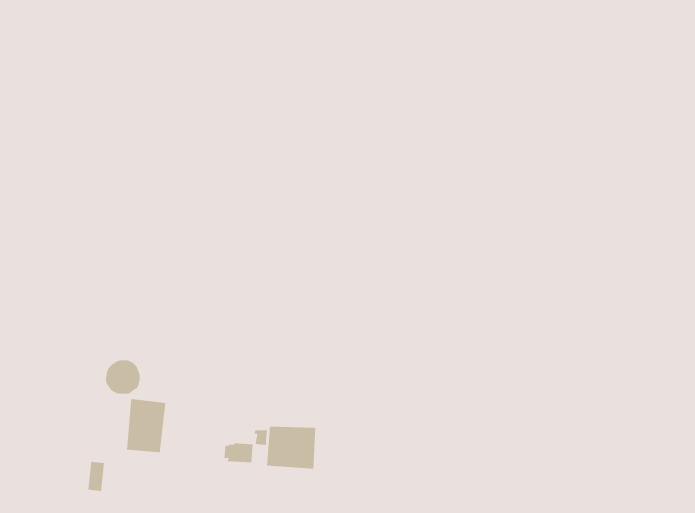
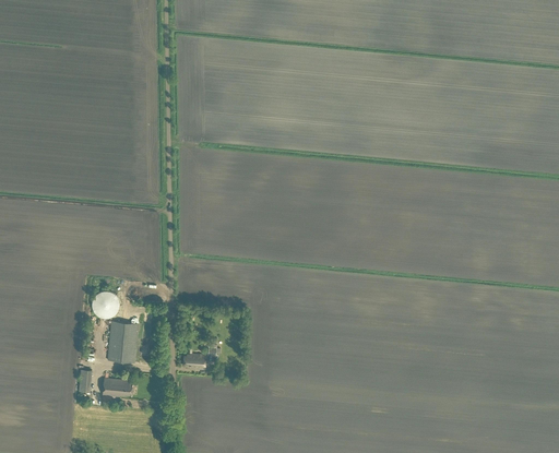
building: [266,426,316,470] -> none
building: none -> [102,378,133,397]

